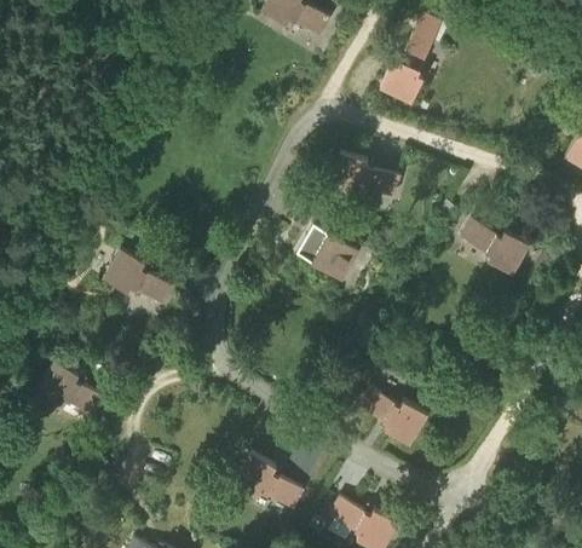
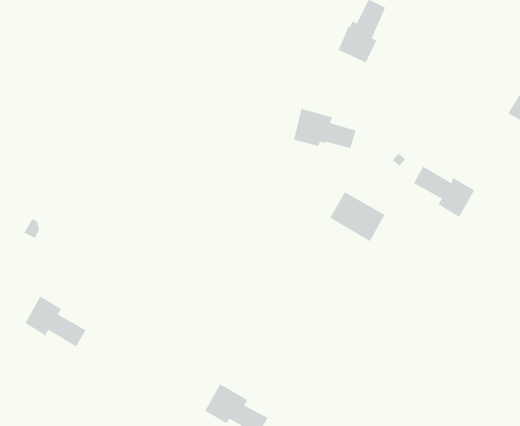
building: [296,223,358,278] -> [329,191,386,242]
building: [103,247,172,302] -> none
building: [357,388,427,446] -> none

